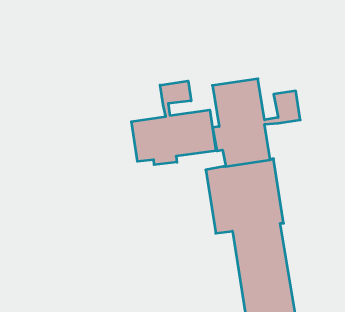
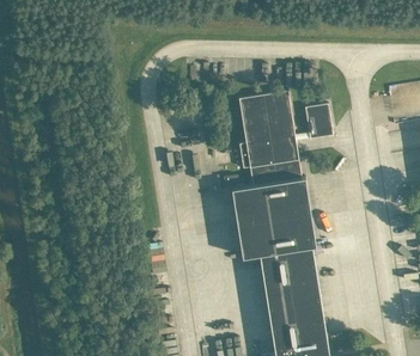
building: [131,81,216,165] -> none

